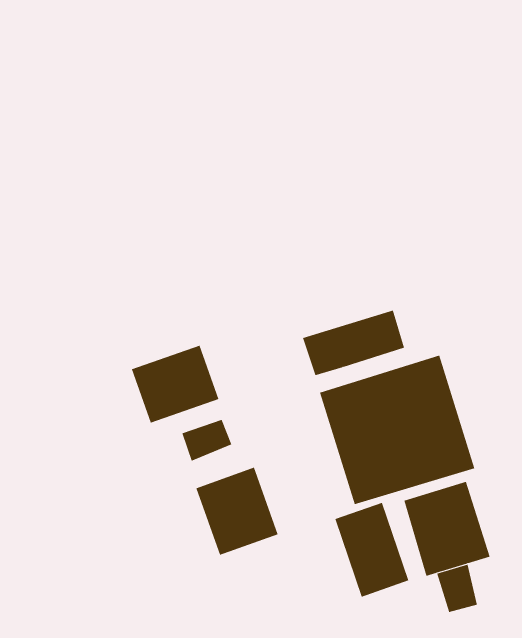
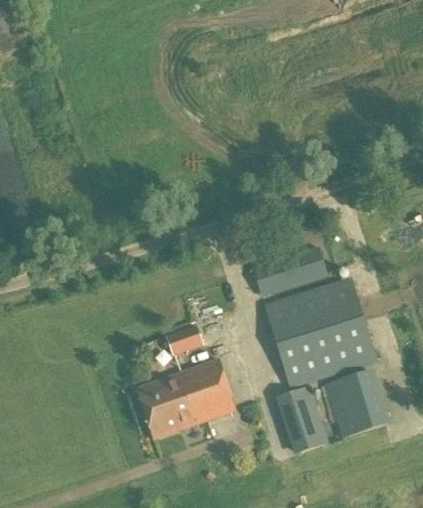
building: [131,345,219,423] -> none
building: none -> [135,374,193,438]
building: [437,564,478,613] -> none

